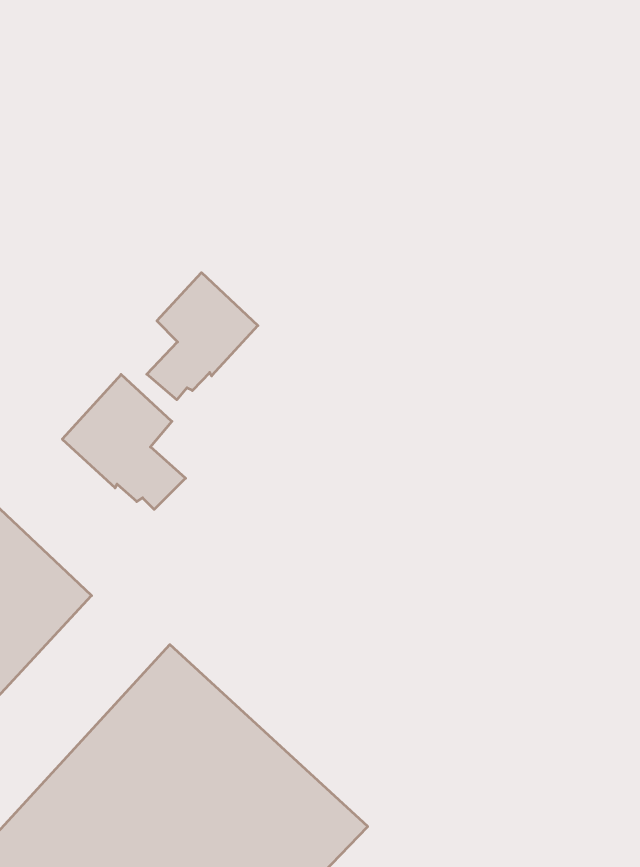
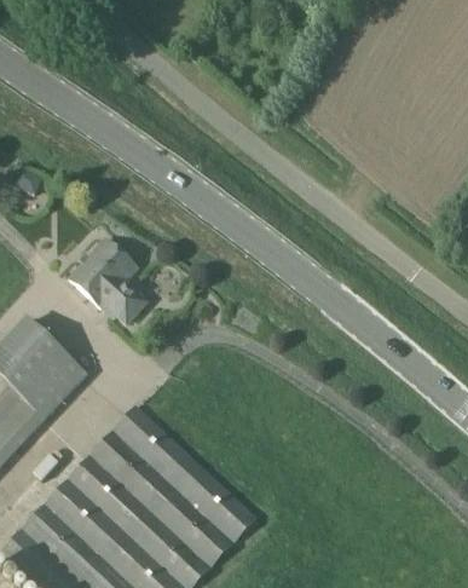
building: [147,273,258,400] -> none

